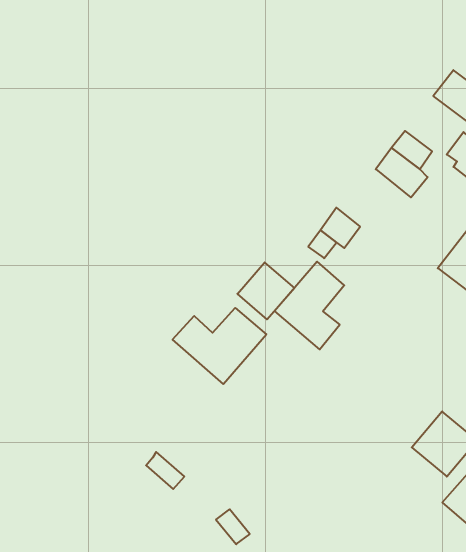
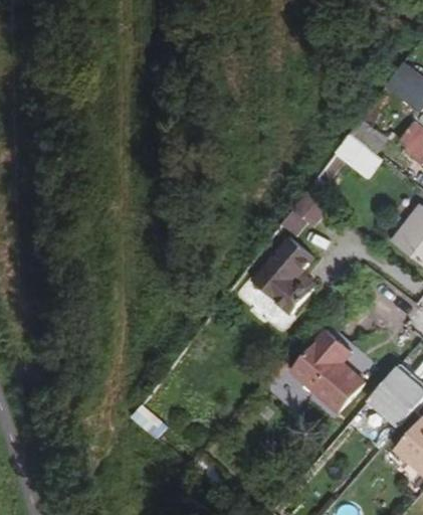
building: [237,262,294,319] -> none
building: [173,308,266,384] -> none
building: none -> [291,329,367,414]

